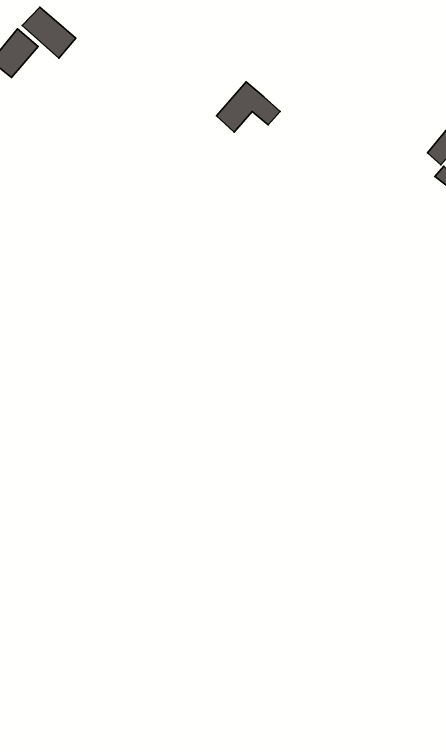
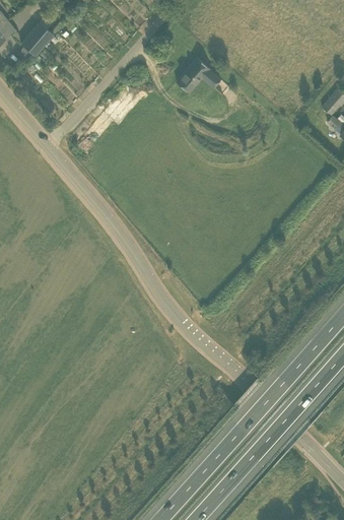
building: [22,7,76,58] -> none

